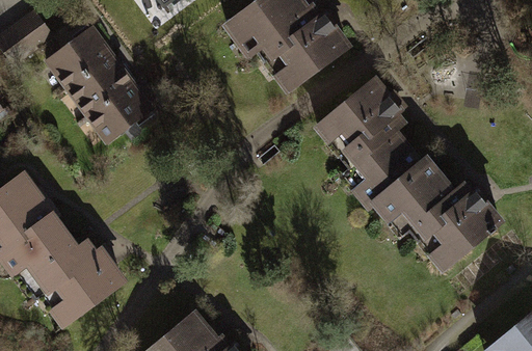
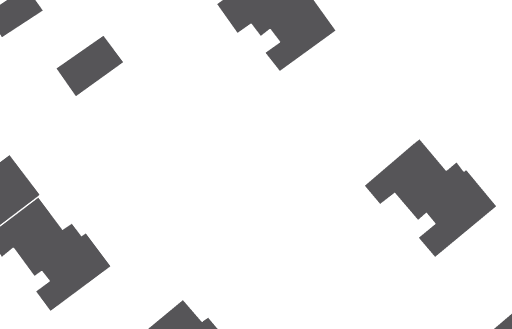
building: [48,27,115,88] -> none
building: [317,81,421,206] -> none
building: [87,82,154,142] -> none

